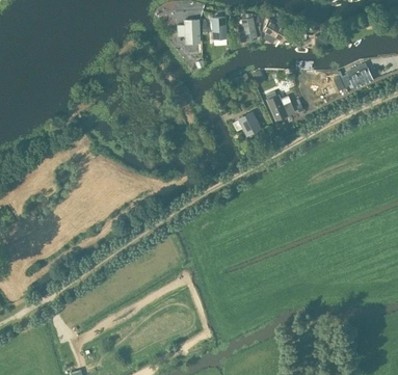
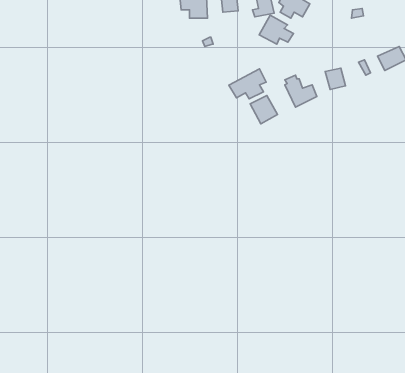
building: none -> [259,15,293,44]
building: none -> [229,69,266,99]

